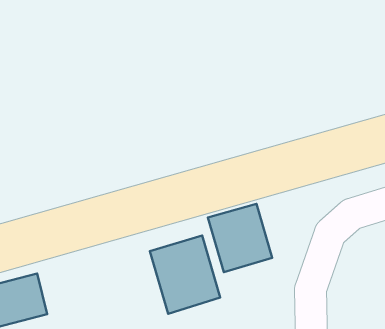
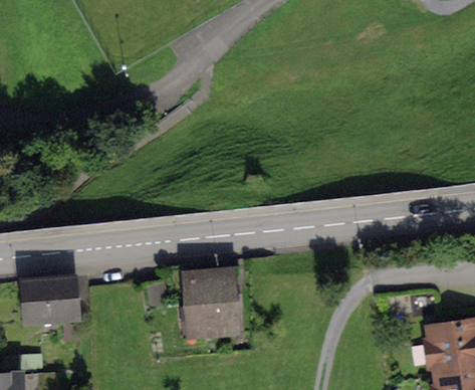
building: [208,204,272,272] -> none

